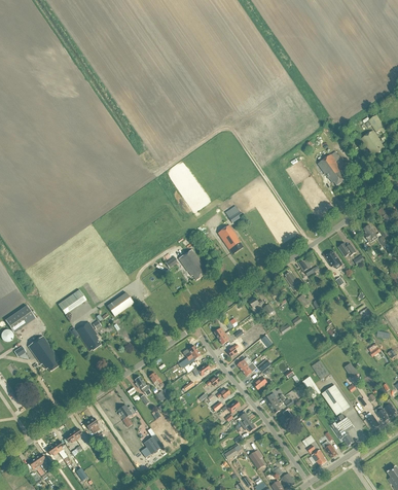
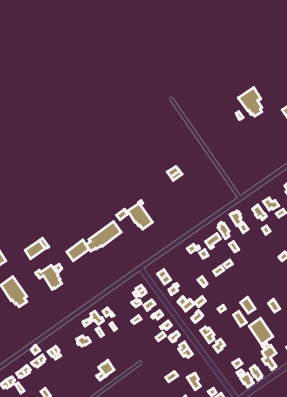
building: [318,151,346,185] -> [238,87,262,116]
building: [217,224,243,254] -> none
building: none -> [86,222,121,251]

